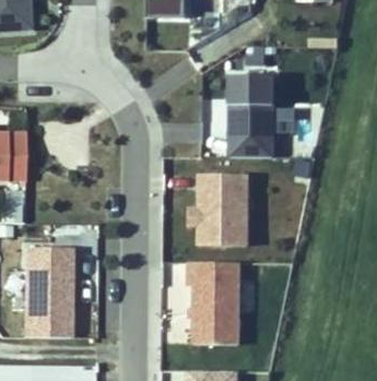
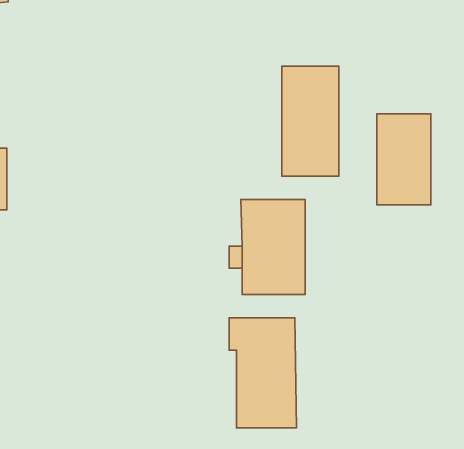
building: none -> [377,114,431,205]
building: [30,252,74,342] -> none

